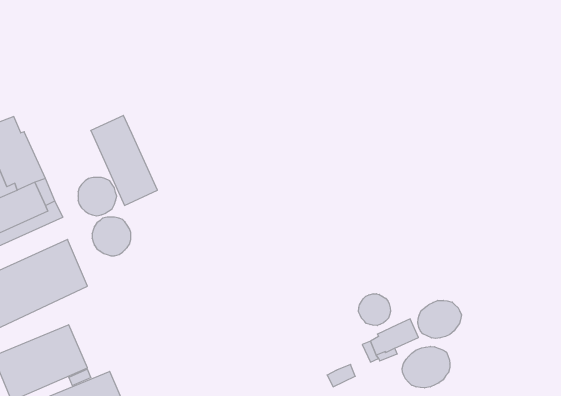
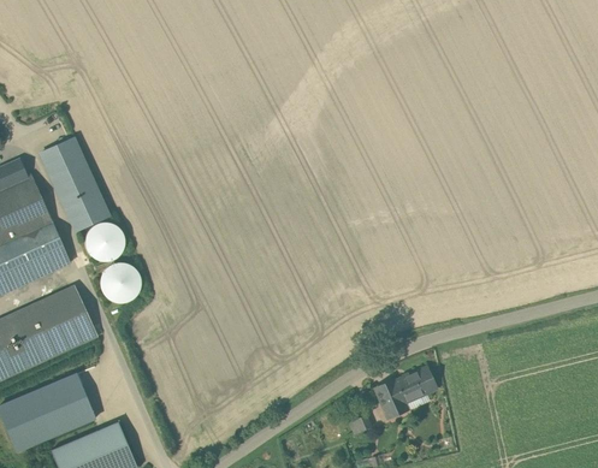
building: [91,115,157,205] -> [40,138,108,231]
building: [359,294,390,326] -> none
building: [418,300,461,338] -> none
building: [402,346,450,388] -> none

